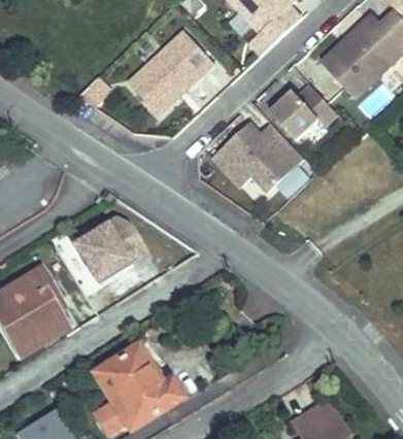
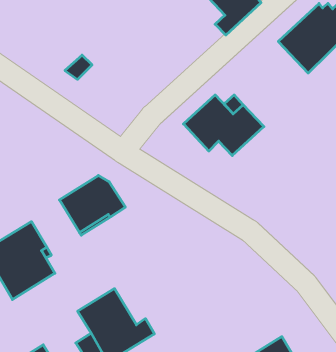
building: [128,30,214,114] -> none
building: [271,85,338,139] -> none

